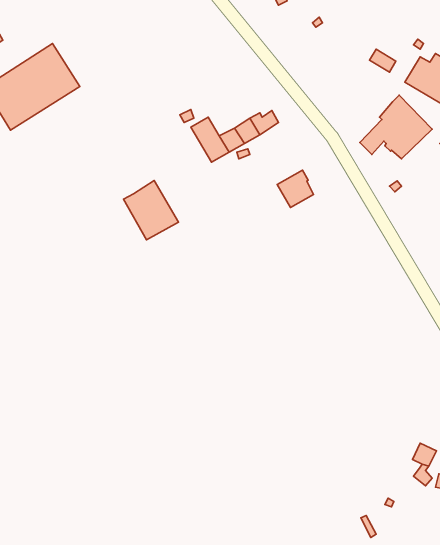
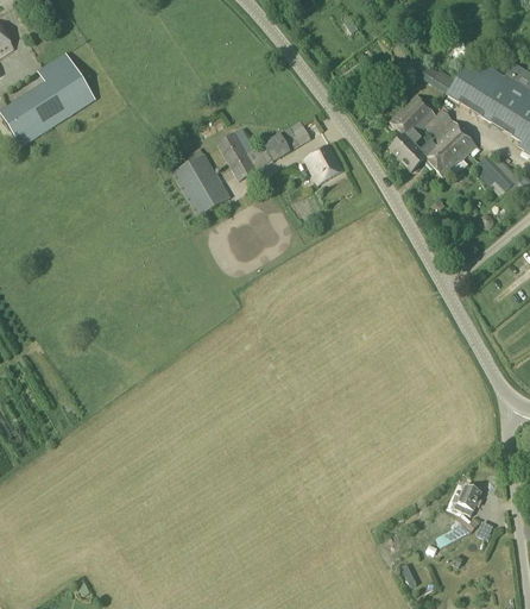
building: none -> [389,94,434,158]
building: [277,170,314,208] -> [303,143,342,183]
building: [124,181,178,240] -> [171,151,231,215]

